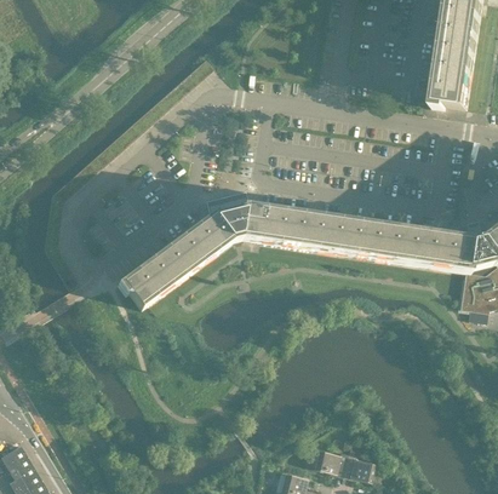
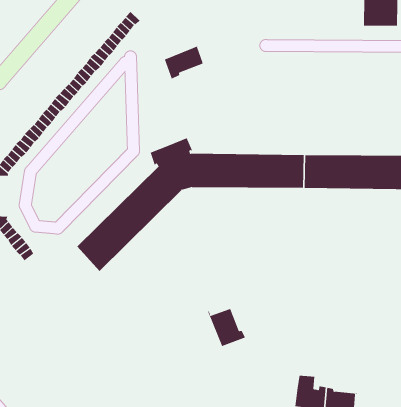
building: none -> [164,44,209,80]
building: none -> [208,303,246,347]

